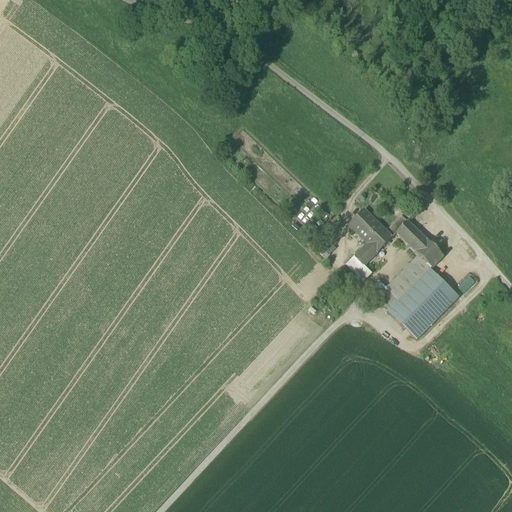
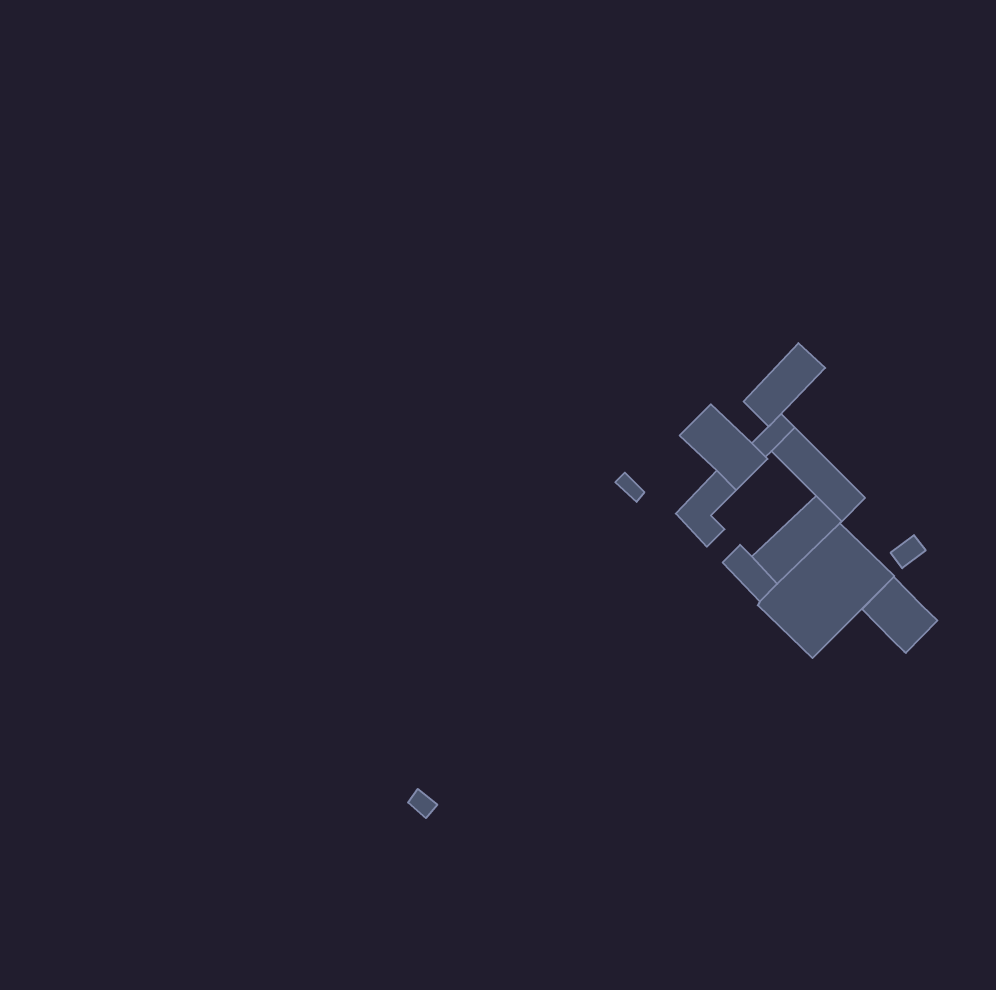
building: none -> [744,343,825,427]
building: none -> [862,577,937,653]

